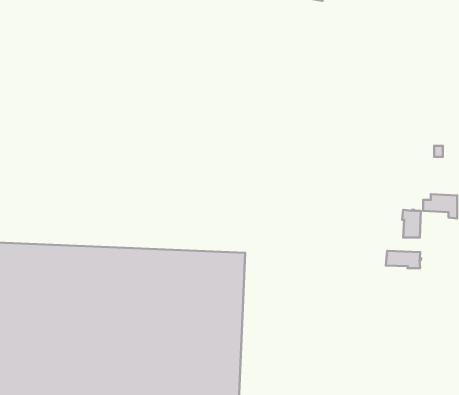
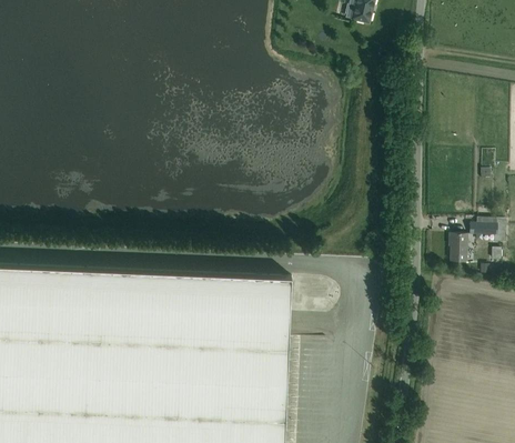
building: [386,251,421,268] -> none

